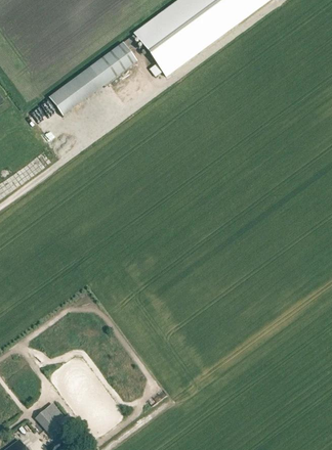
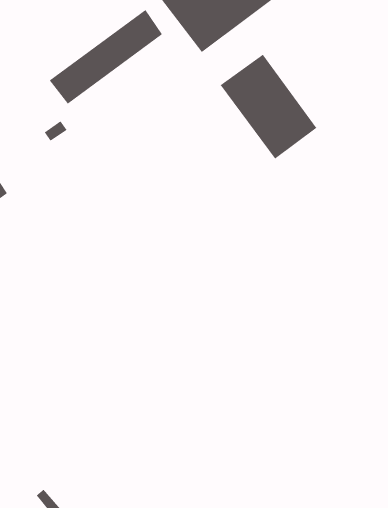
building: none -> [220,54,317,159]

